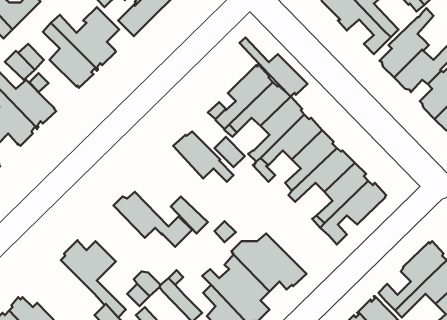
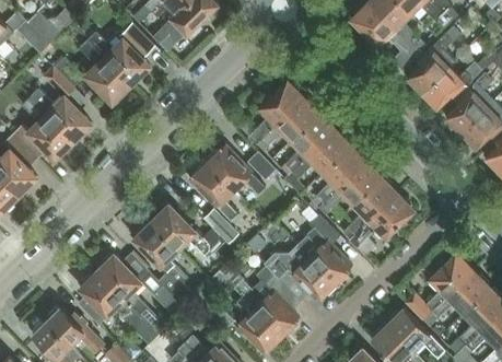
building: [239,37,308,96] -> none
building: none -> [190,160,238,221]
building: none -> [297,213,353,284]
building: none -> [135,218,185,280]
building: none -> [78,271,130,325]

